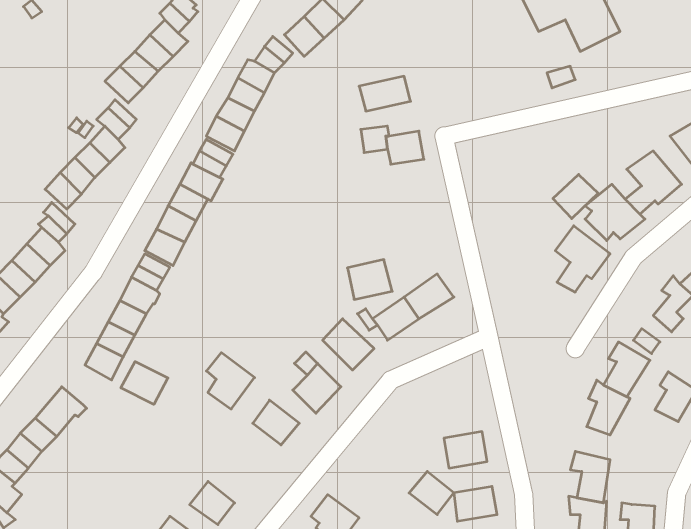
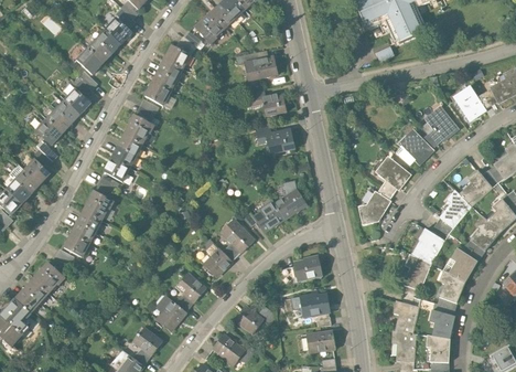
building: [553,174,598,219] -> none
building: [347,260,392,299] -> [267,126,297,152]
building: none -> [358,191,391,223]
building: [206,353,255,409] -> [155,294,187,331]
building: [121,362,168,404] -> none
building: none -> [294,255,323,279]
building: none -> [432,274,458,306]
building: none -> [422,315,448,341]
building: [409,471,454,515] -> [235,304,265,332]

